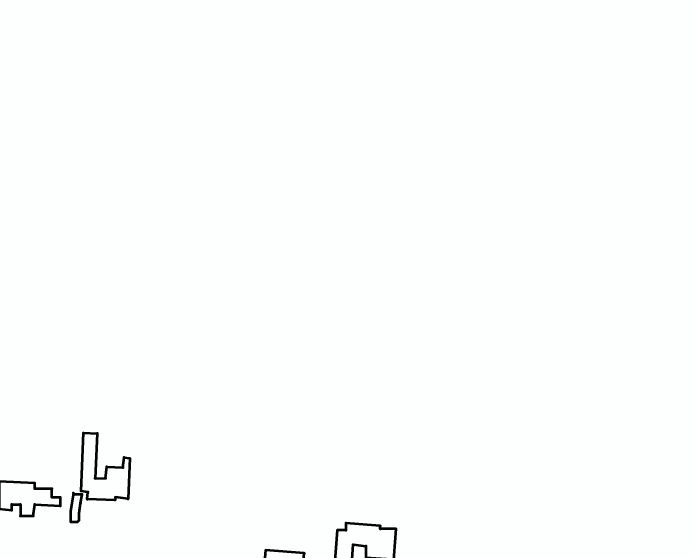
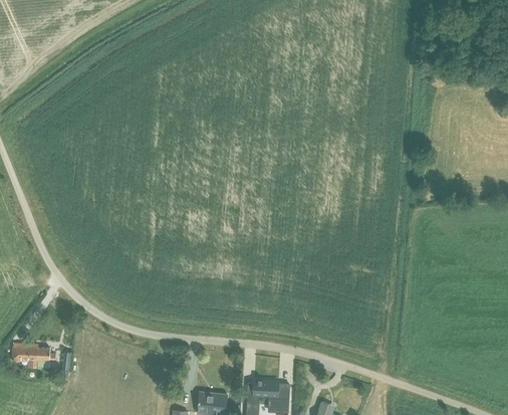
building: [81,433,130,500] -> none

